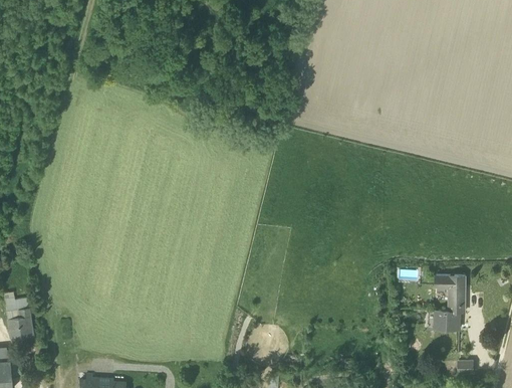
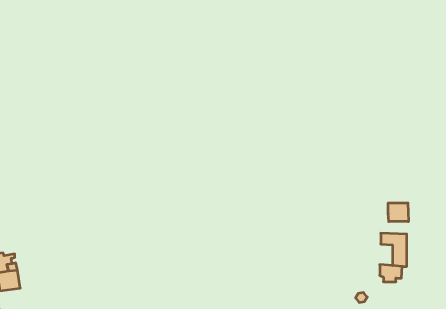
building: none -> [388,203,408,222]

